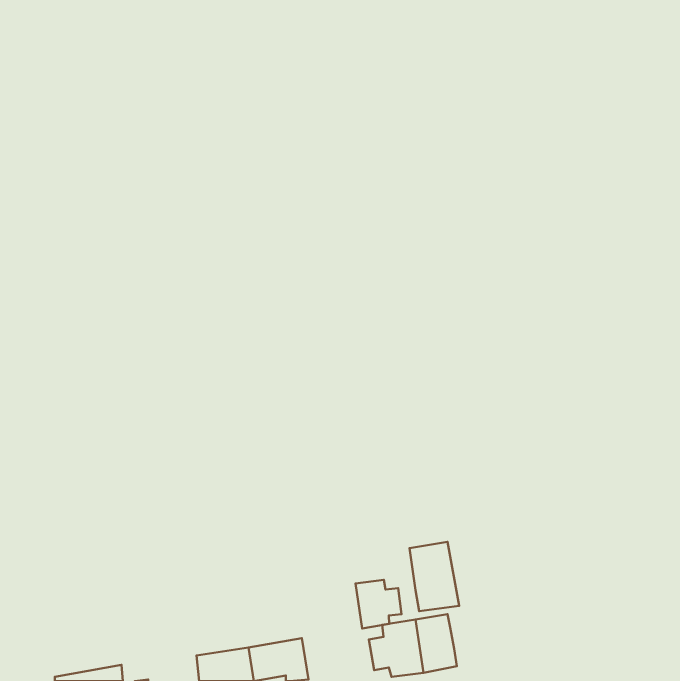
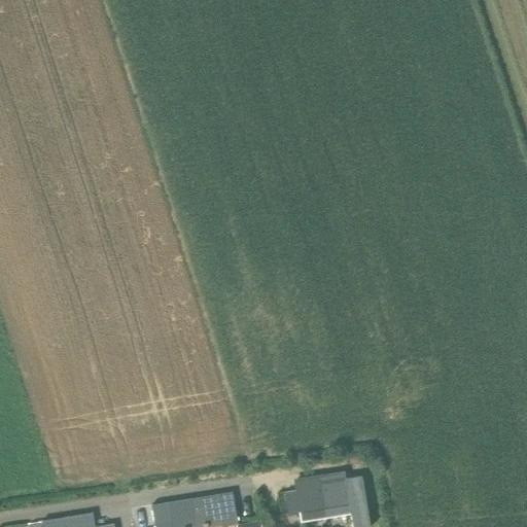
building: [410,542,459,611] -> none
building: [356,580,401,628] -> none

